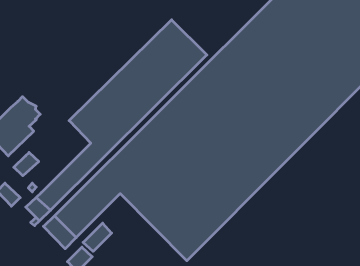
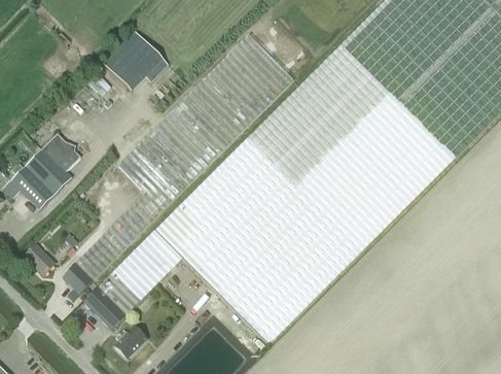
building: none -> [103,31,168,91]
building: [14,152,39,176] -> none
building: [83,223,112,251] -> none

